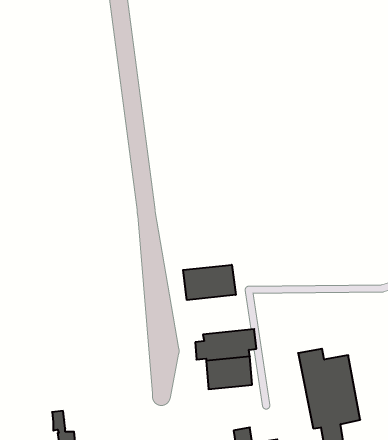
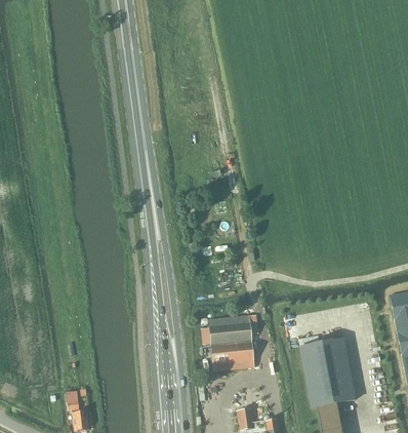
building: [183,265,236,300] -> none

